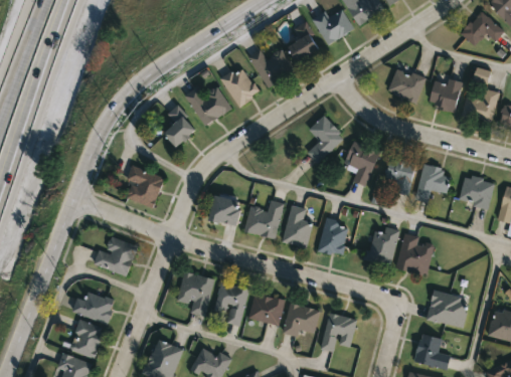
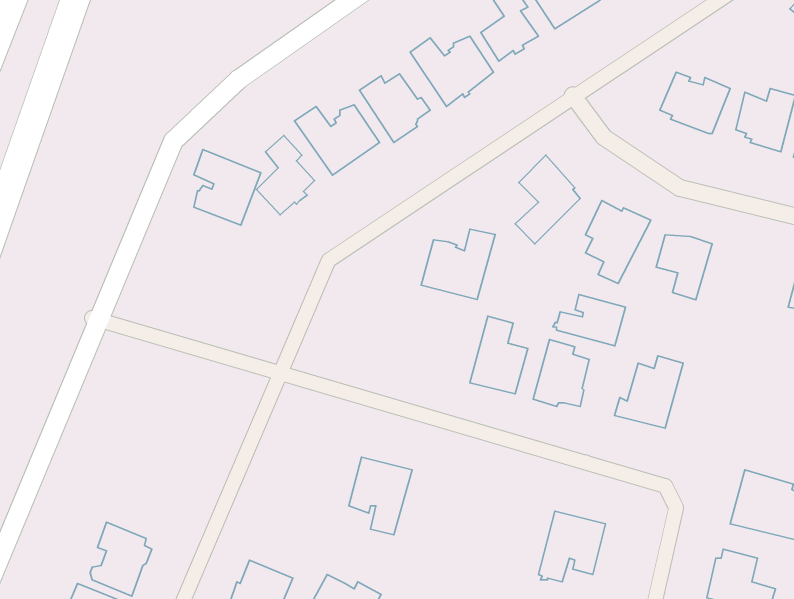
building: [414,164,452,203] -> none
building: [127,165,164,207] -> [194,149,261,225]
building: none -> [553,295,626,346]
building: [208,193,241,226] -> none
building: [243,200,285,239] -> [421,229,495,300]
building: [395,233,435,274] -> none
building: [94,236,138,276] -> none
building: [177,271,215,317] -> none
building: [72,292,115,325] -> none
building: [248,294,286,326] -> none
building: [283,303,320,337] -> none

